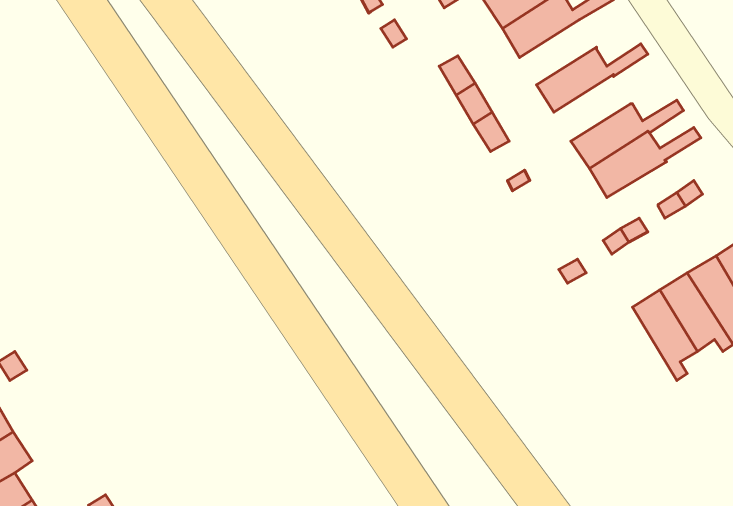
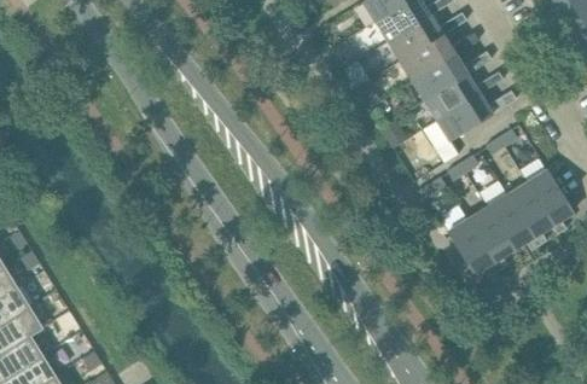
building: none -> [388,13,466,62]
building: none -> [412,52,492,101]
building: none -> [446,219,499,275]

